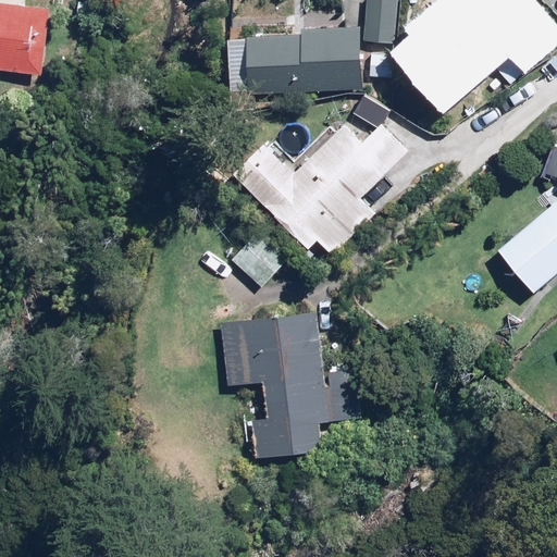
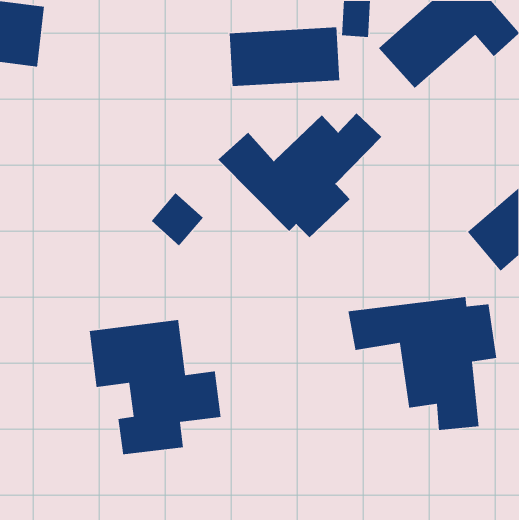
building: [231,231,287,288] -> [151,192,204,246]
building: [220,312,361,457] -> [89,319,222,455]
building: none -> [348,296,497,431]

